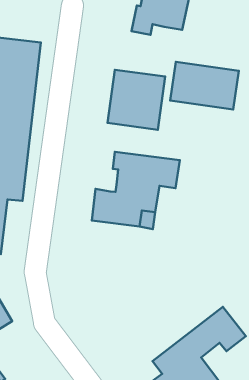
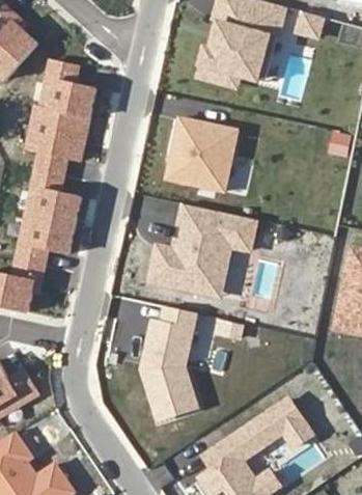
building: [170,62,239,109] -> none
building: none -> [140,308,196,422]

